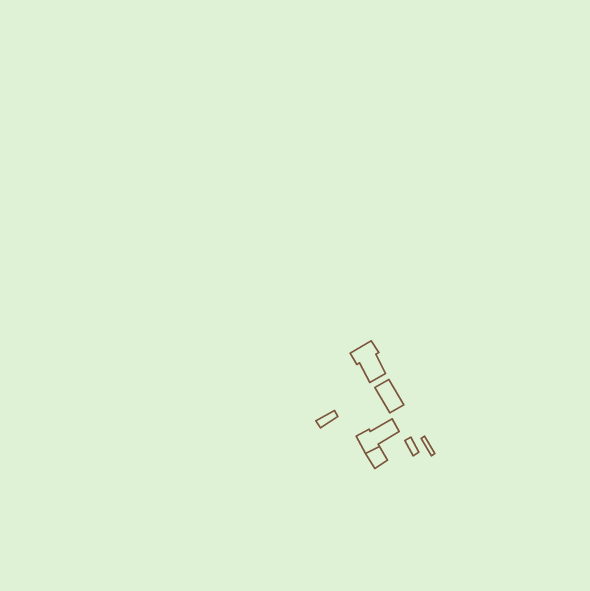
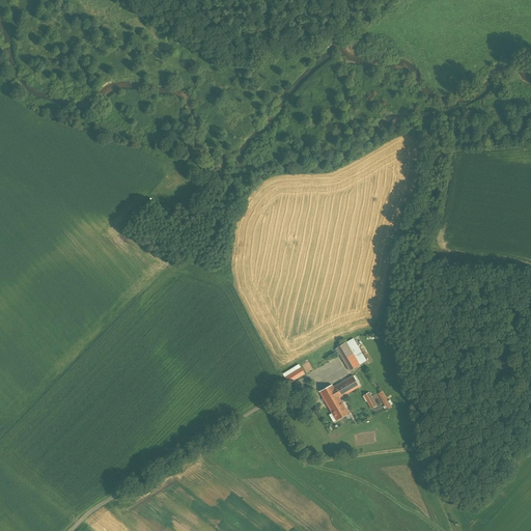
building: [350,341,385,383] -> none

